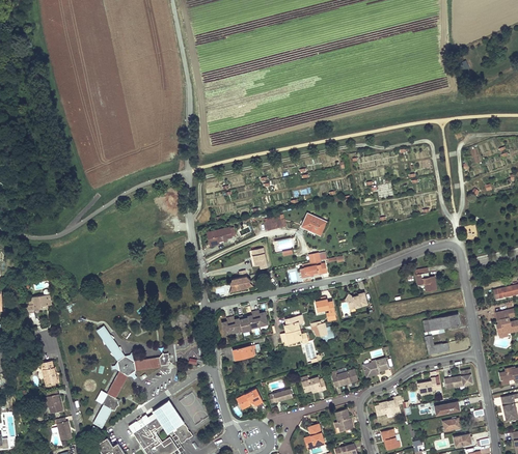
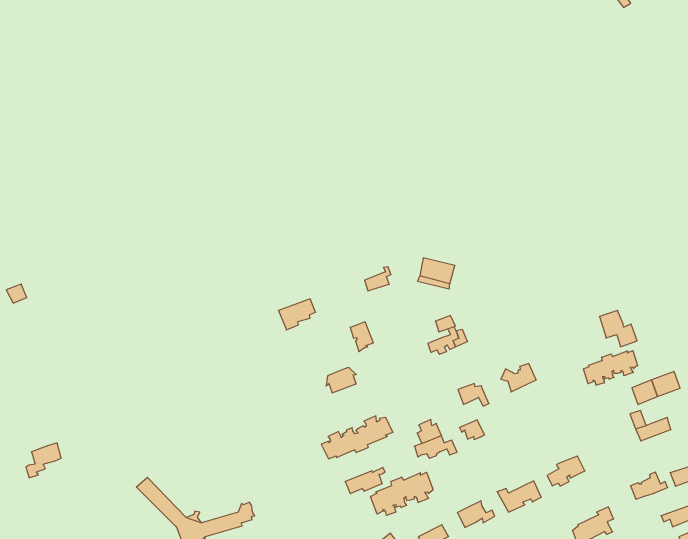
building: none -> [584,351,638,385]
building: none -> [371,472,433,515]

